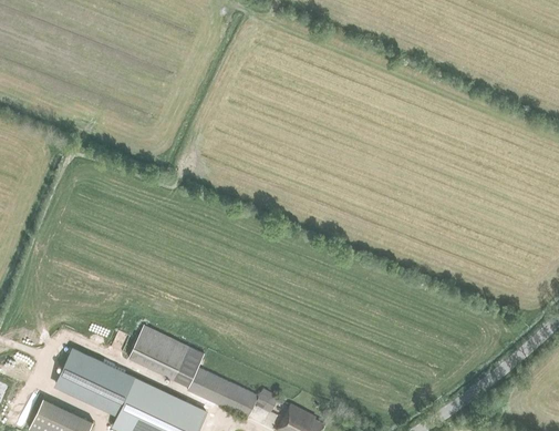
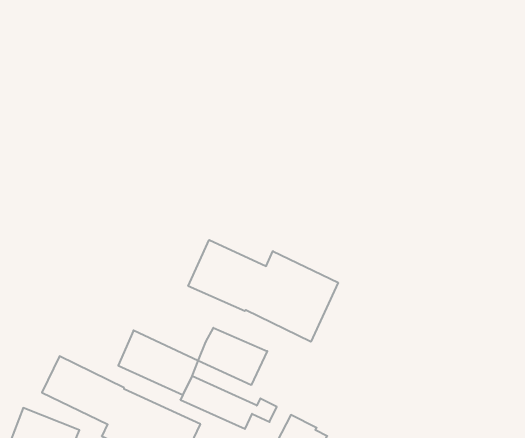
building: none -> [188,240,338,342]
building: none -> [198,328,267,385]

